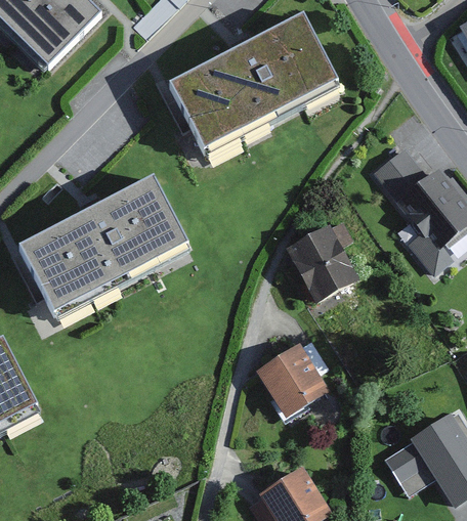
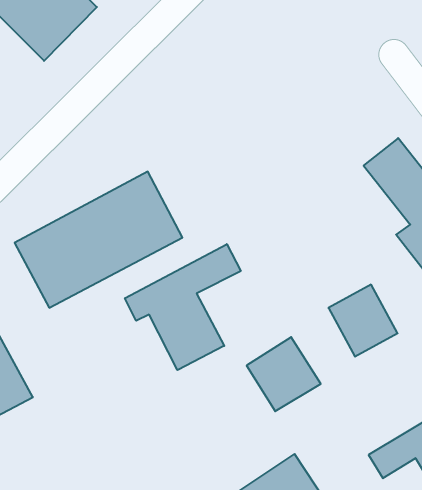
building: [164,13,339,156] -> none
building: [287,225,356,298] -> [328,285,398,357]
building: none -> [125,244,241,370]

